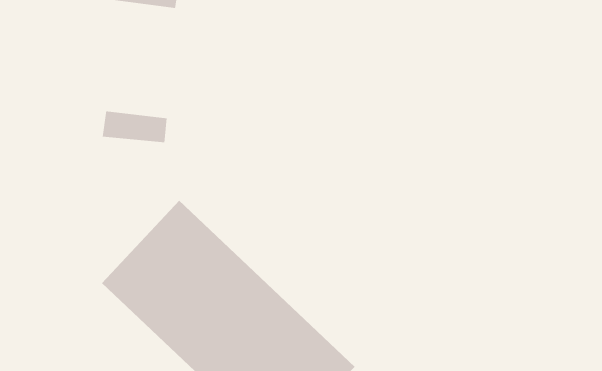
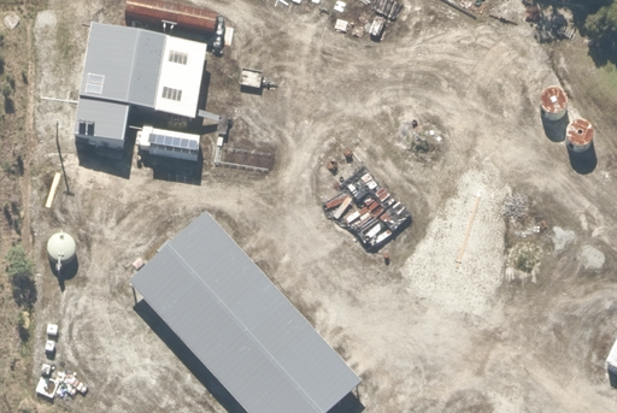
building: none -> [71,20,210,146]

